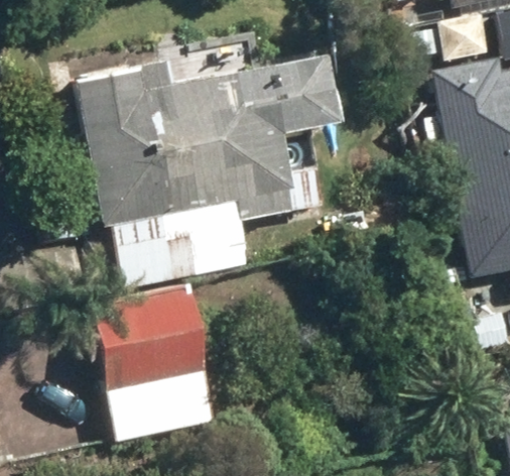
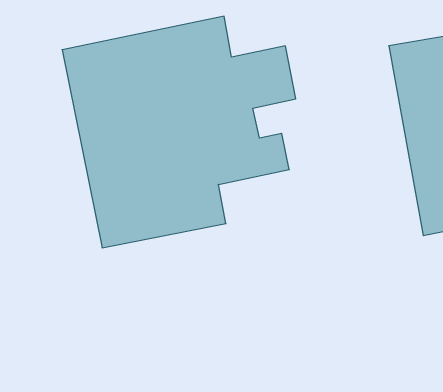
building: [89,285,215,441] -> none

